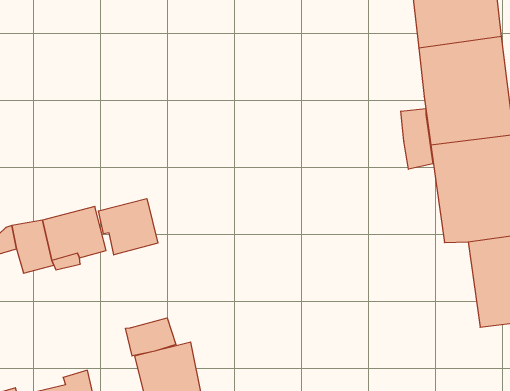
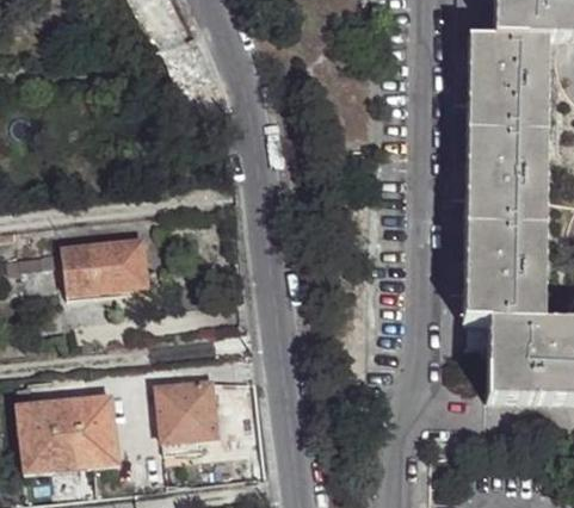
building: [401,108,433,169] -> none
building: [98,199,158,255] -> none
building: [126,318,176,356] -> none

